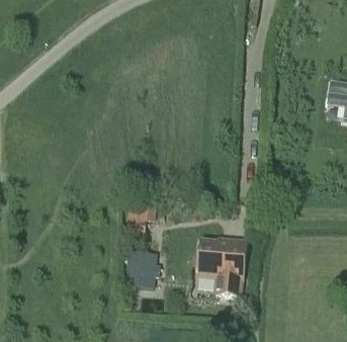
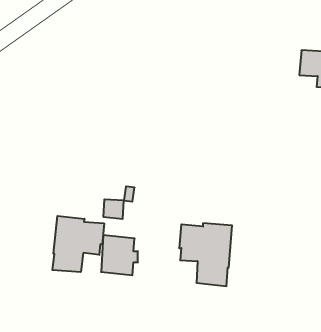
building: none -> [52,216,104,272]

